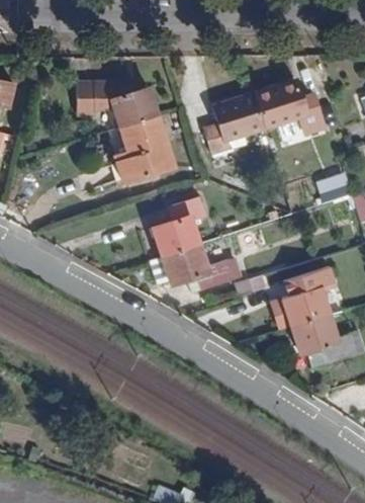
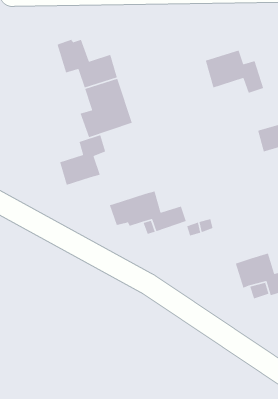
building: [205,94,266,155] -> none
building: [153,196,206,255] -> [59,134,106,186]
building: [274,267,335,329] -> none

